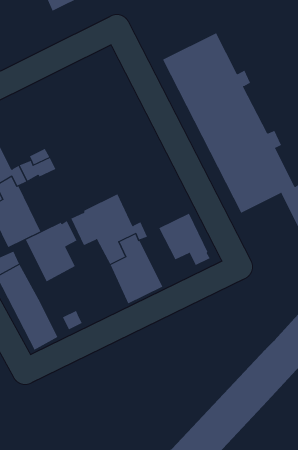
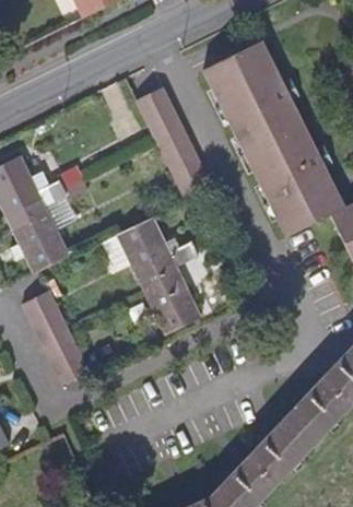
building: none -> [137,90,211,197]
building: [159,213,210,266] -> none
building: [25,220,77,282] -> none

